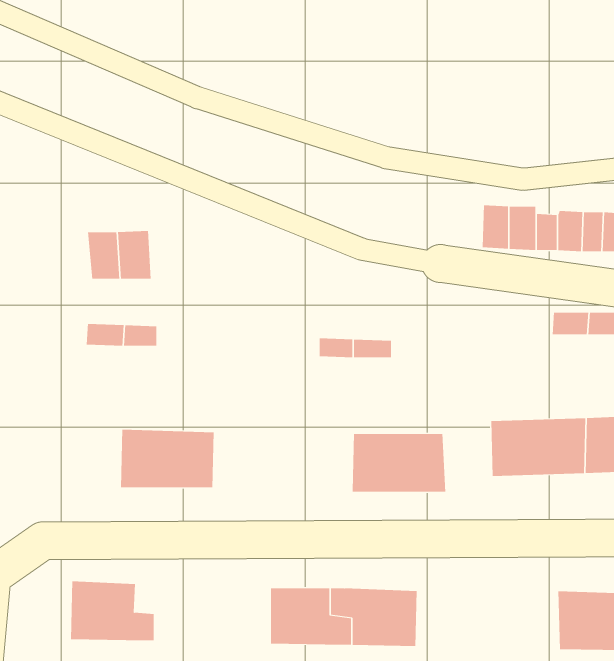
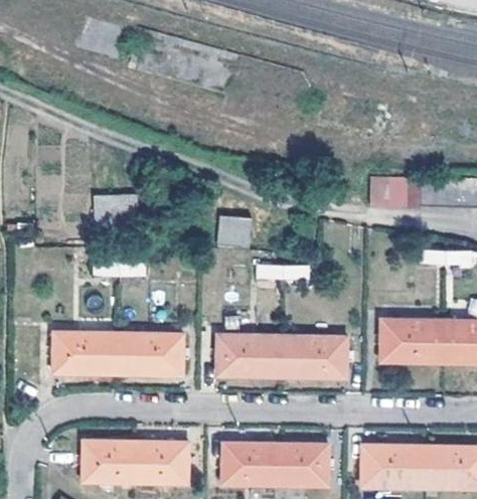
building: none -> [224,213,253,247]
building: none -> [52,331,118,373]
building: none -> [216,334,281,375]
building: none -> [127,441,188,482]
building: none -> [361,446,426,487]

